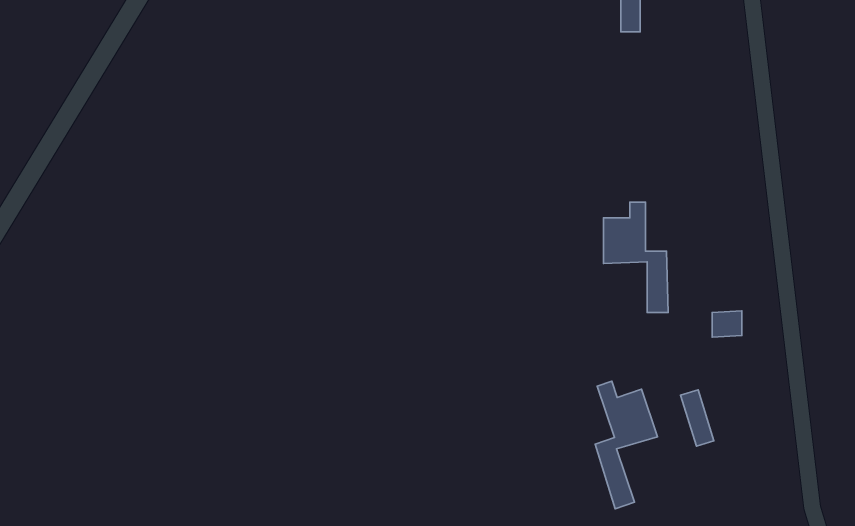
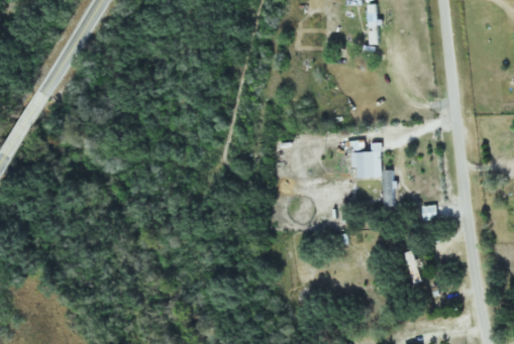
building: [595,381,657,509] -> none

